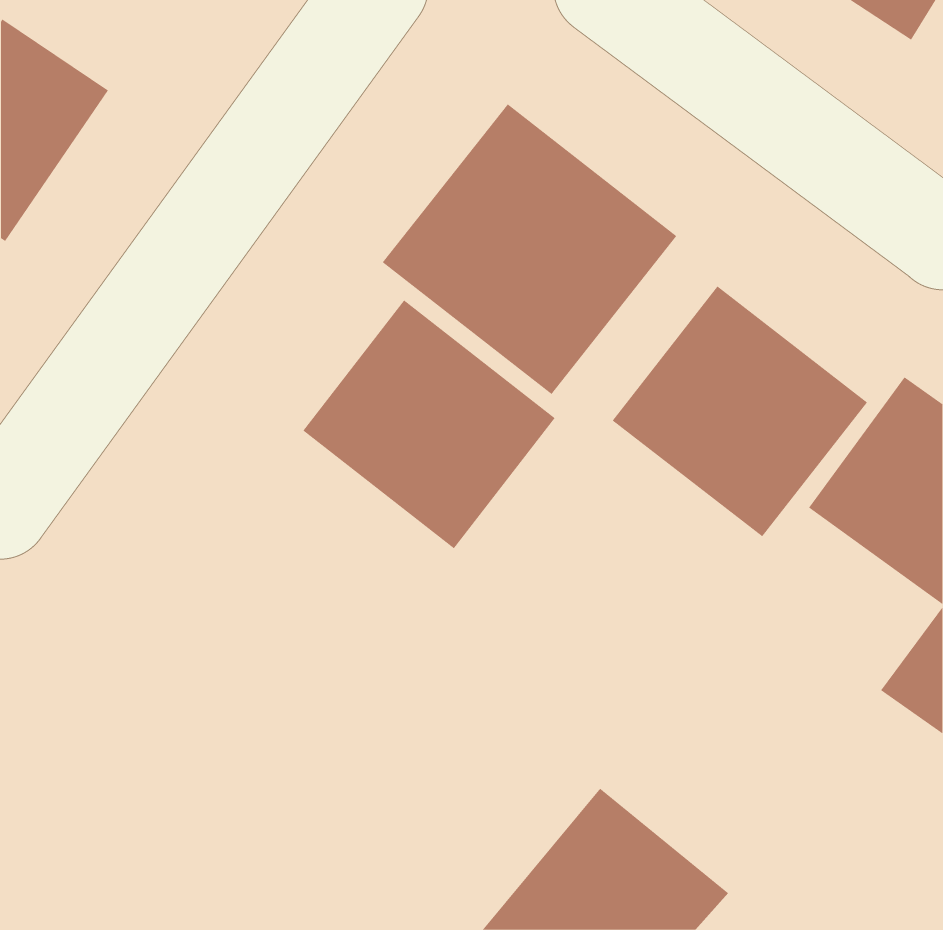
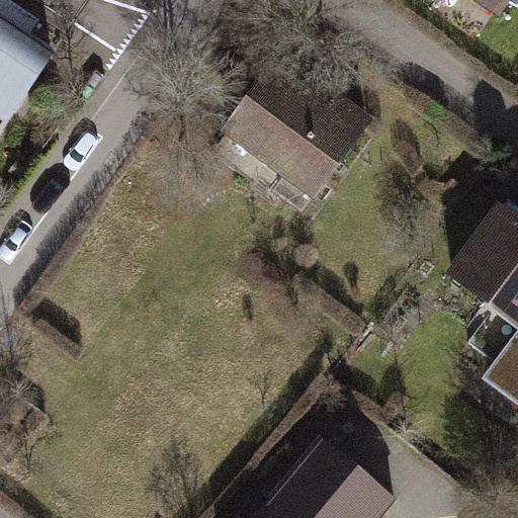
building: [612,286,868,537] -> none
building: [303,299,555,549] -> none

